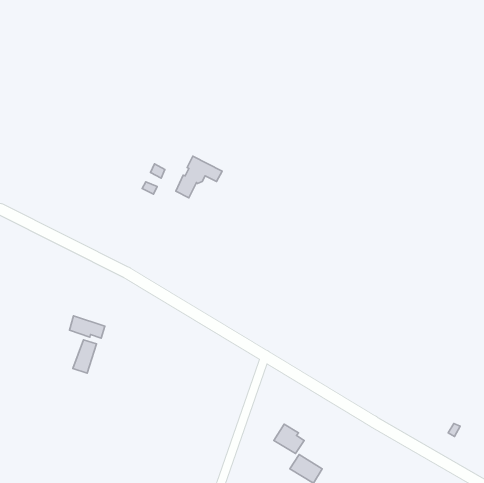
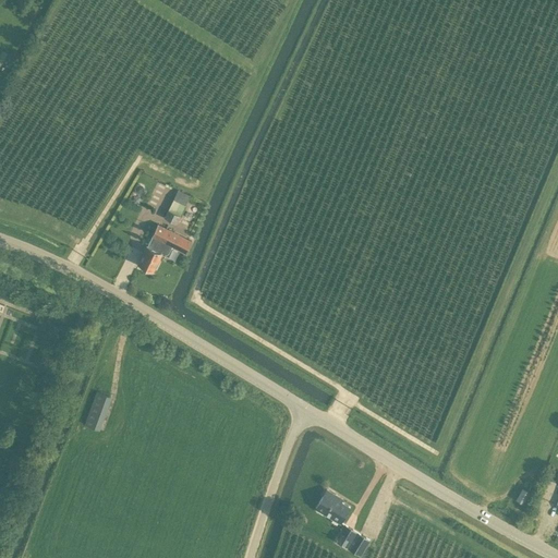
building: [176,156,222,198] -> [138,225,192,272]
building: [69,316,105,338] -> none

